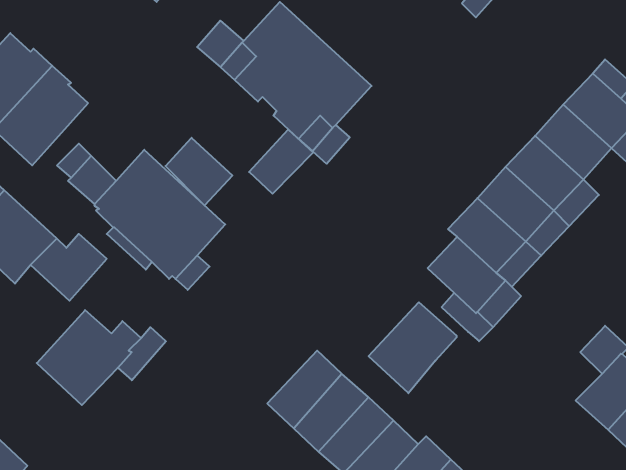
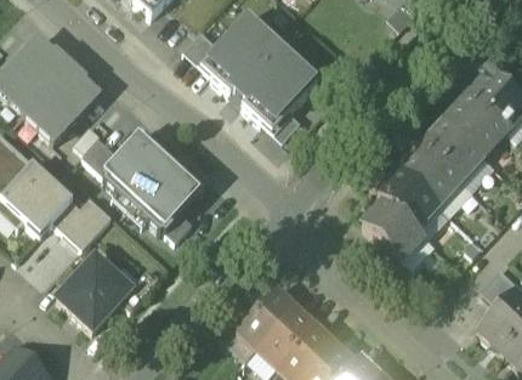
building: [249,129,313,194] -> none
building: [165,138,232,206] -> none
building: [369,302,457,393] -> none

